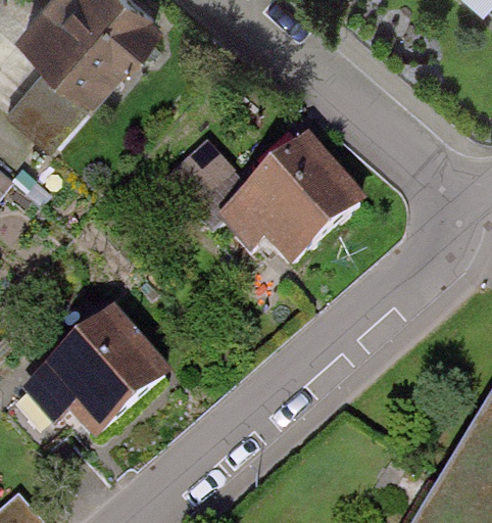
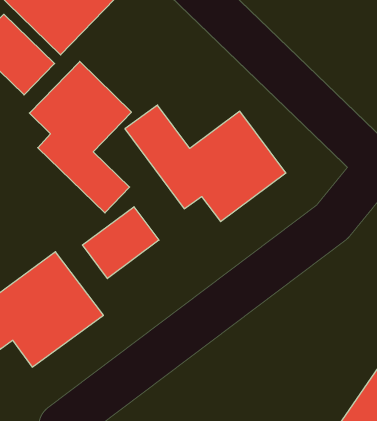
building: none -> [29,61,131,213]
building: none -> [82,207,159,279]

